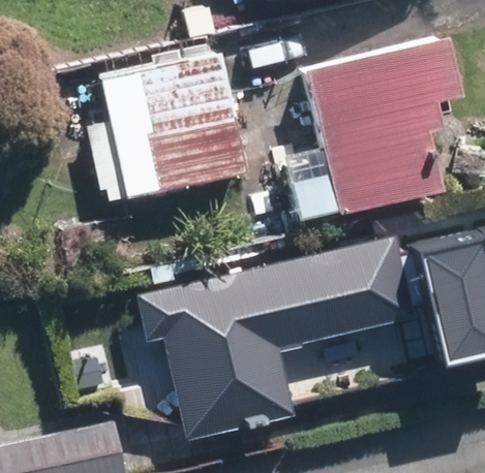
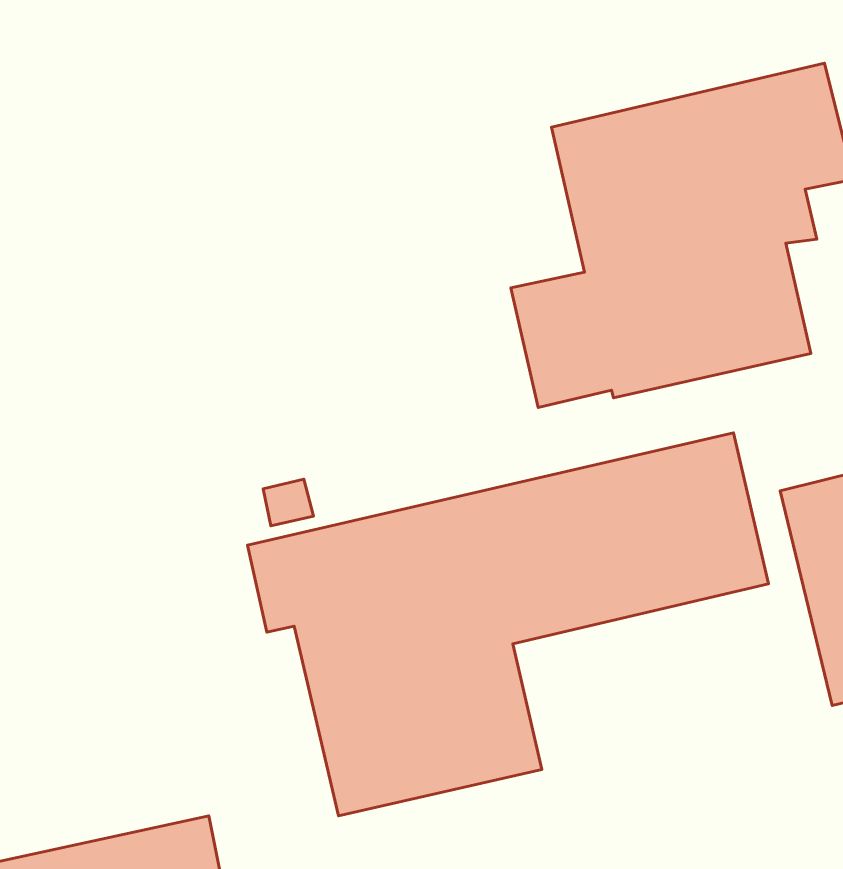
building: [97,51,247,199] -> none

